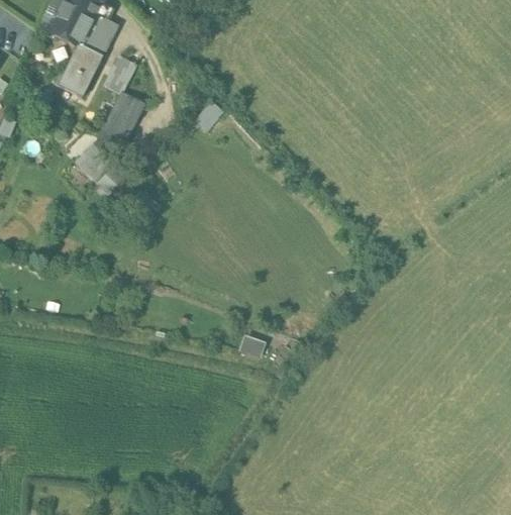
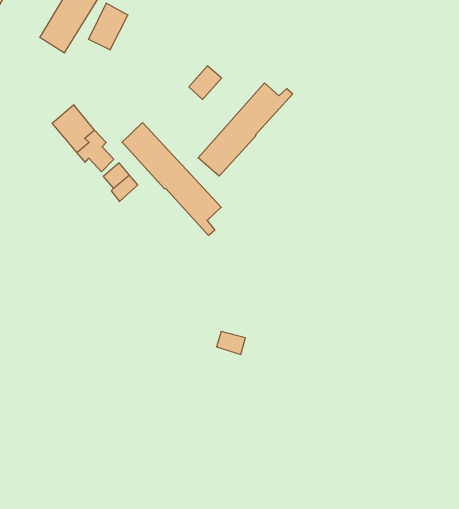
building: [109,91,152,145] -> none
building: none -> [198,83,292,176]
building: none -> [122,123,221,235]

